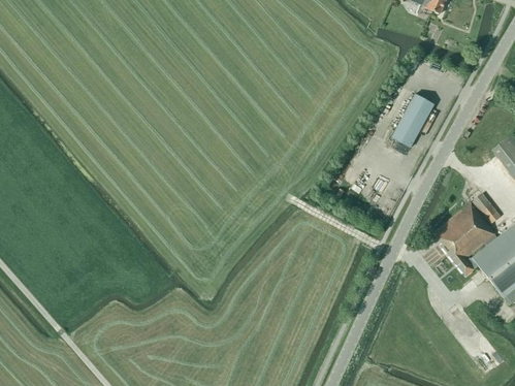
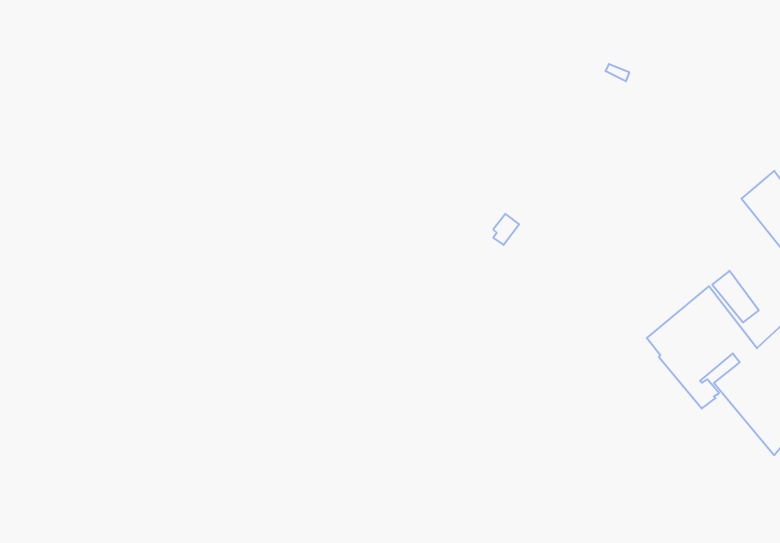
building: [391,94,433,148] -> none

